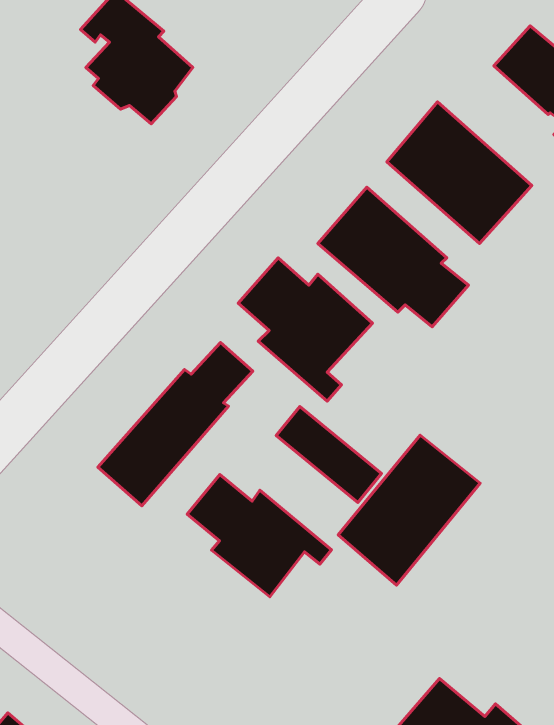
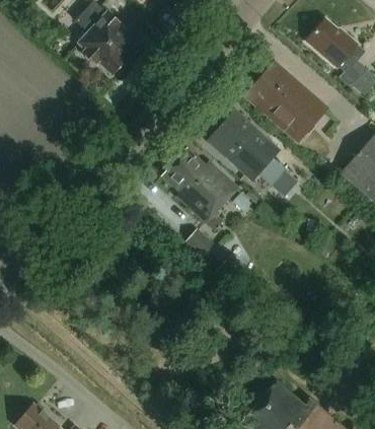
building: [98,343,253,506] -> none
building: [338,435,480,585] -> none
building: [187,474,332,597] -> none

